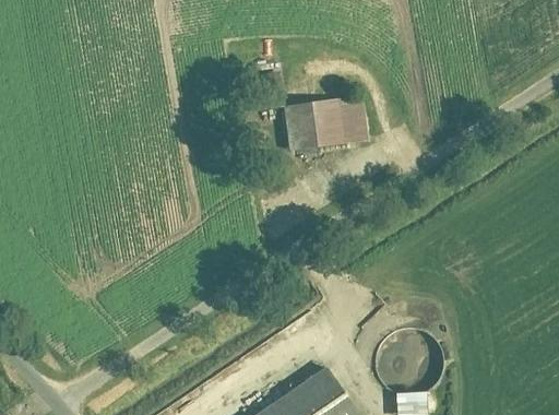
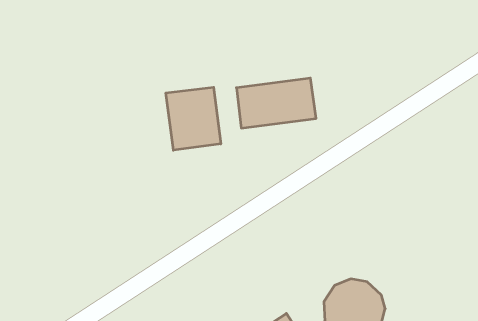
building: none -> [166,87,221,150]

